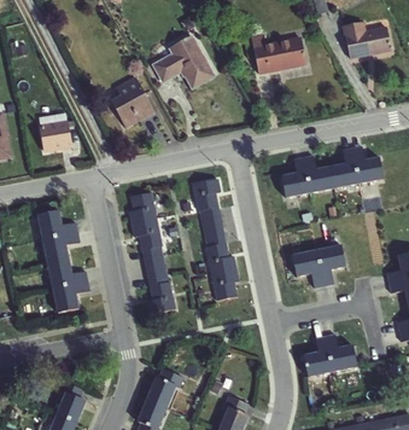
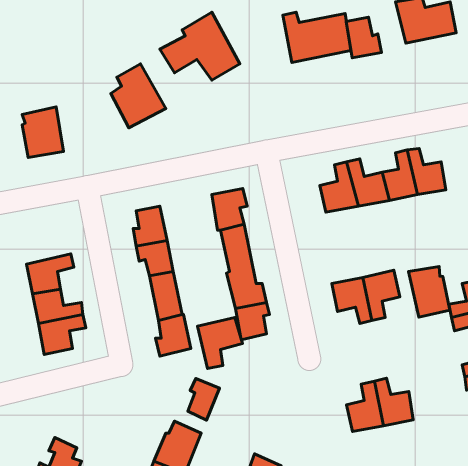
building: none -> [346,17,382,58]
building: [36,209,77,239] -> none
building: none -> [409,266,450,317]
building: none -> [198,317,242,368]
building: none -> [188,379,220,420]

